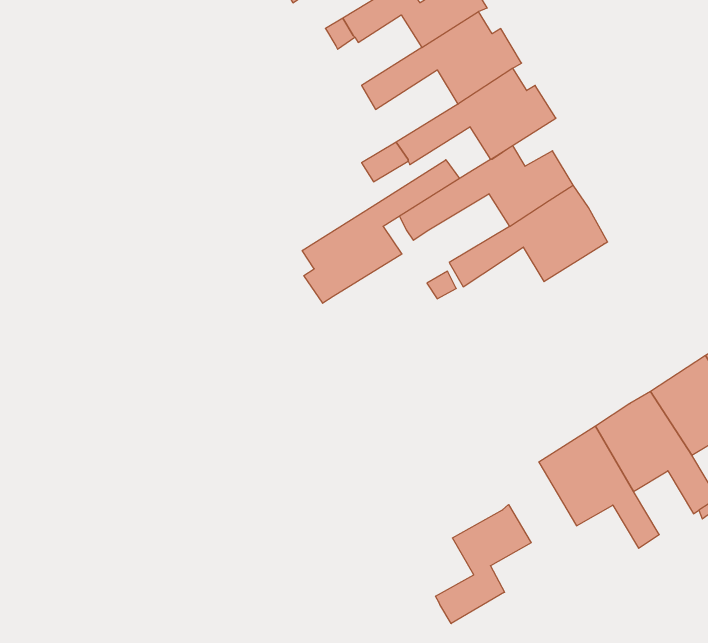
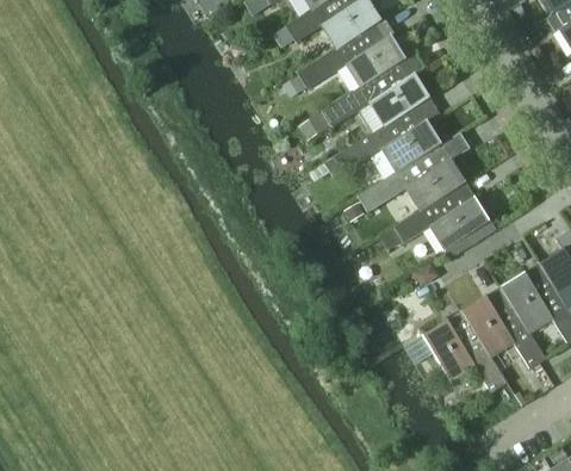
building: [302,160,459,303] -> none
building: none -> [393,182,494,247]
building: [436,505,531,624] -> none

